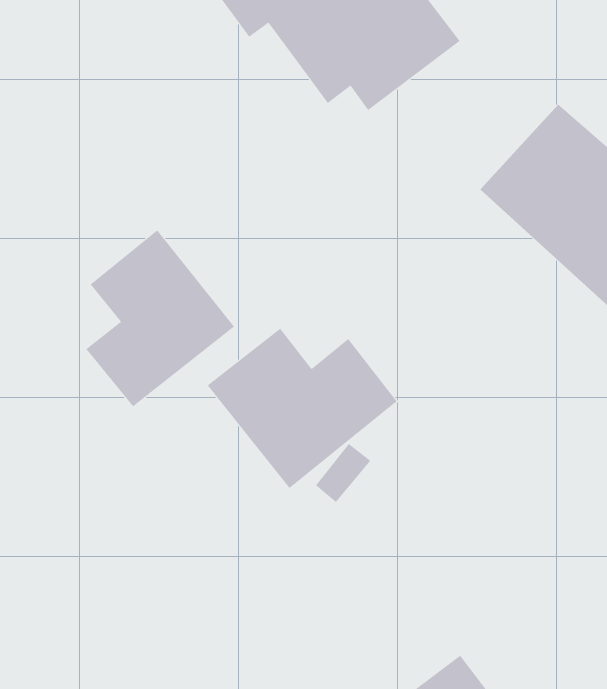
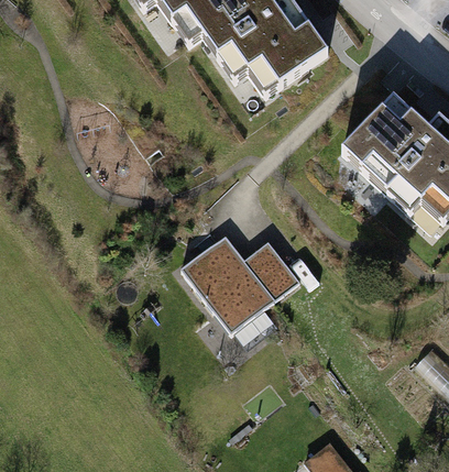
building: [85,229,235,407] -> none

